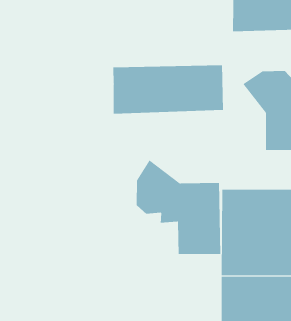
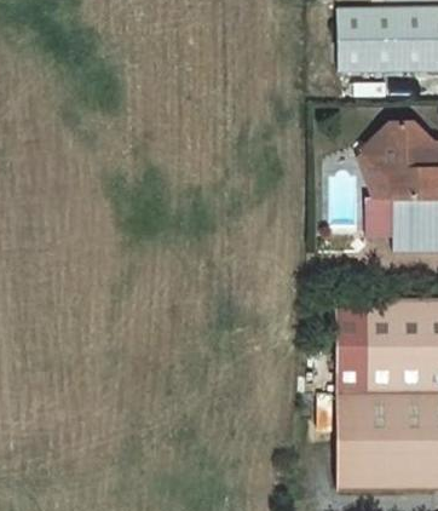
building: [113,64,224,115] -> none
building: [136,159,221,255] -> none

